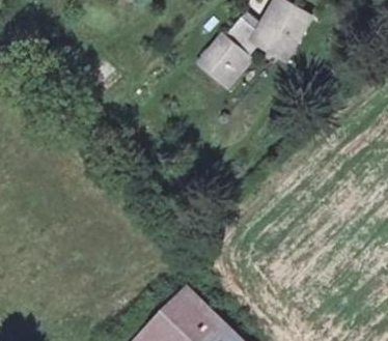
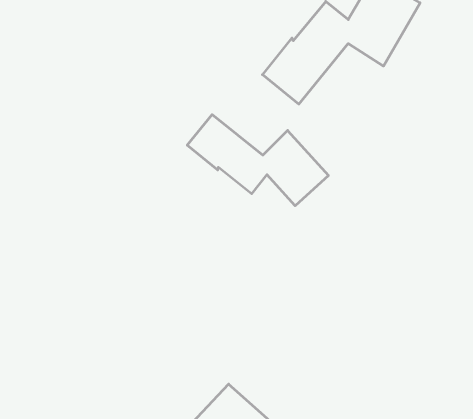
building: none -> [187,115,328,206]

